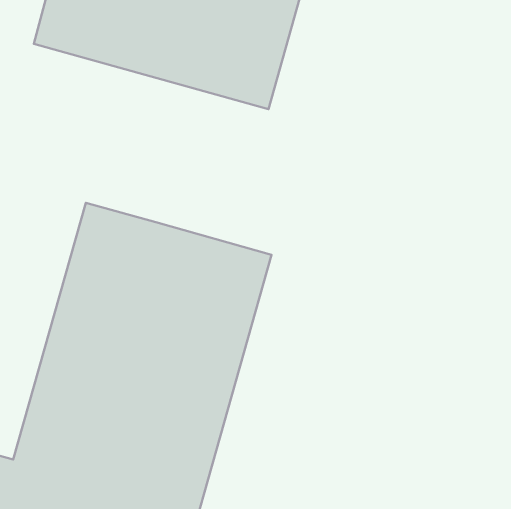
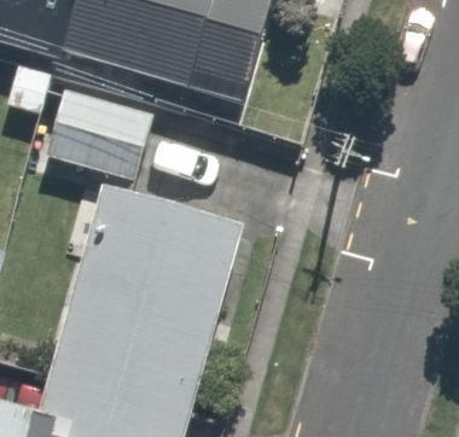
building: none -> [37,87,172,194]

